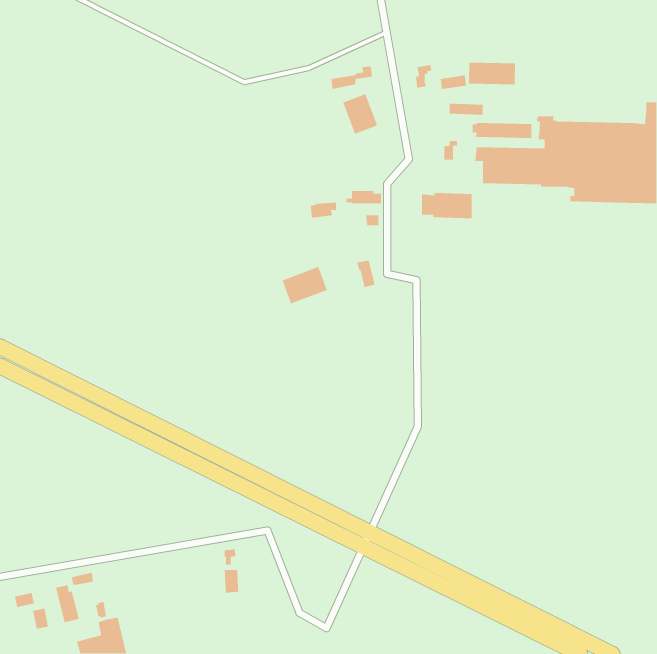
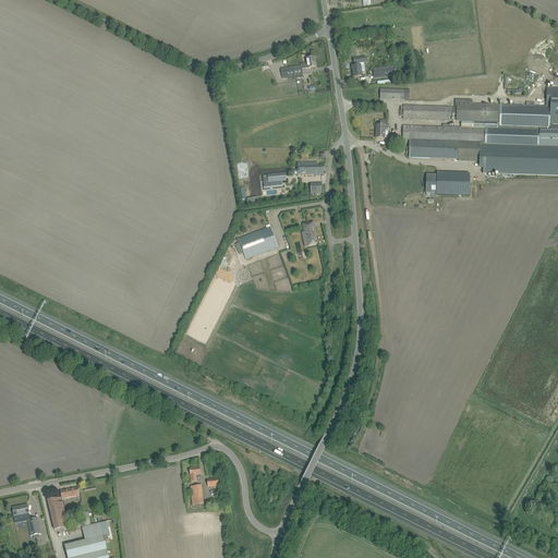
building: [468,62,516,85] -> none
building: [342,93,378,135] -> none
building: [421,192,473,219] -> [426,171,470,194]

